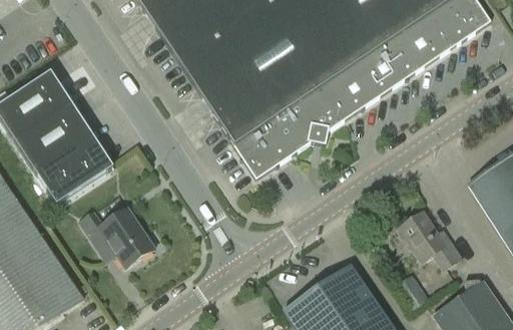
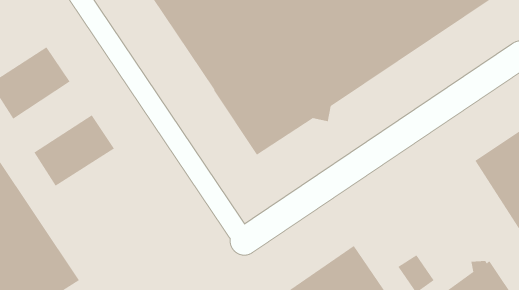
building: [17,105,95,175] -> none
building: [79,208,155,268] -> none
building: [398,211,462,270] -> none

